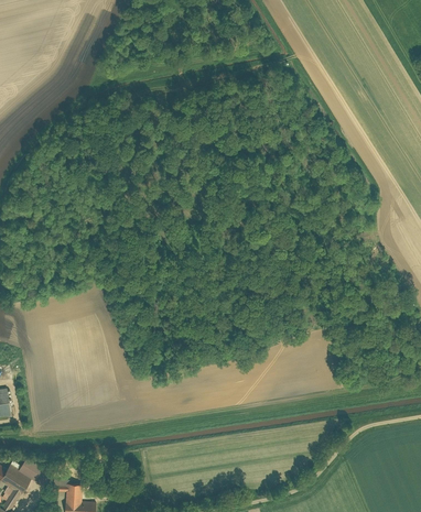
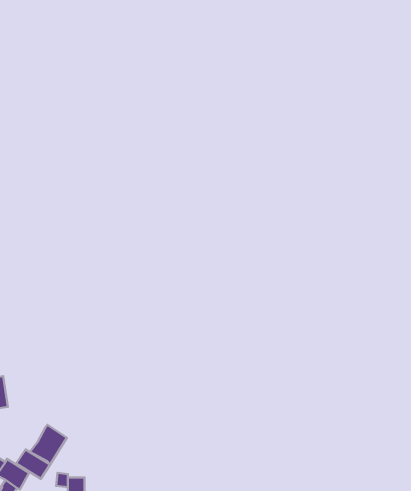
building: none -> [30,425,67,464]

